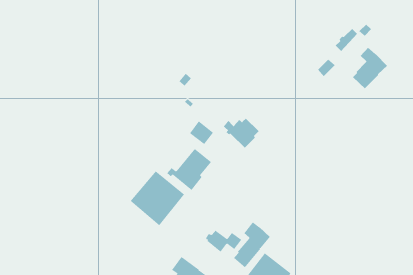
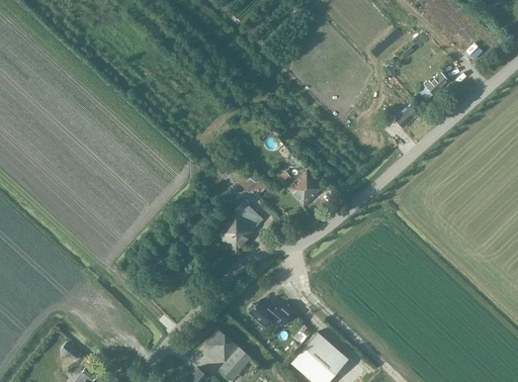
building: [352,47,388,89] -> none
building: [130,170,185,226] -> none
building: [233,222,271,268] -> none

